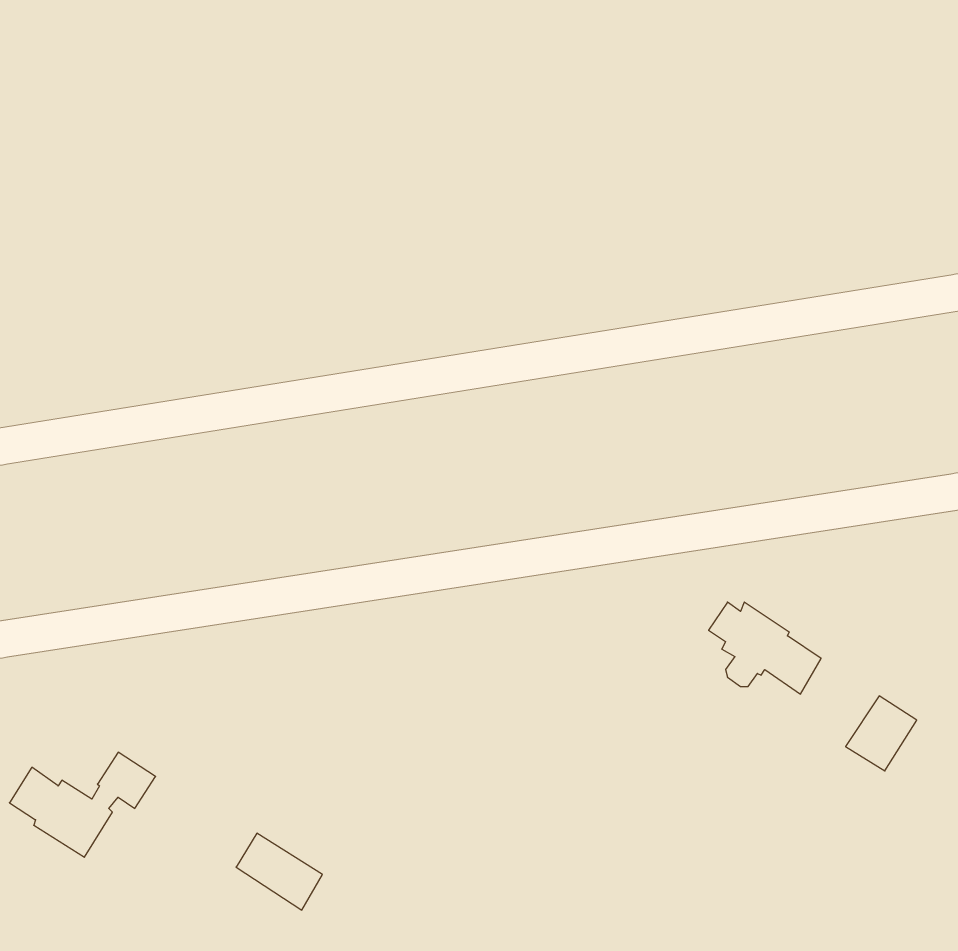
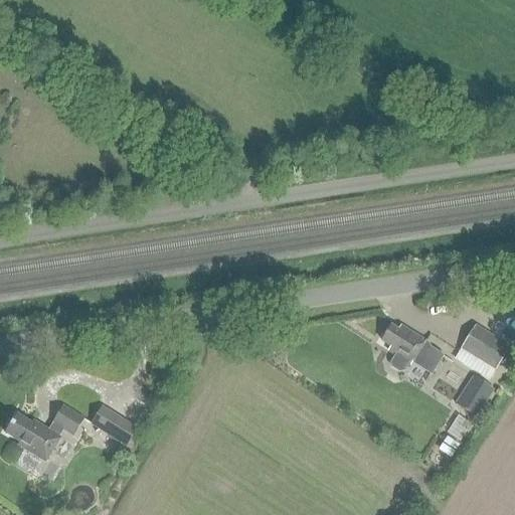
building: none -> [459,327,506,369]
building: [236,833,322,910] -> [91,403,137,445]

